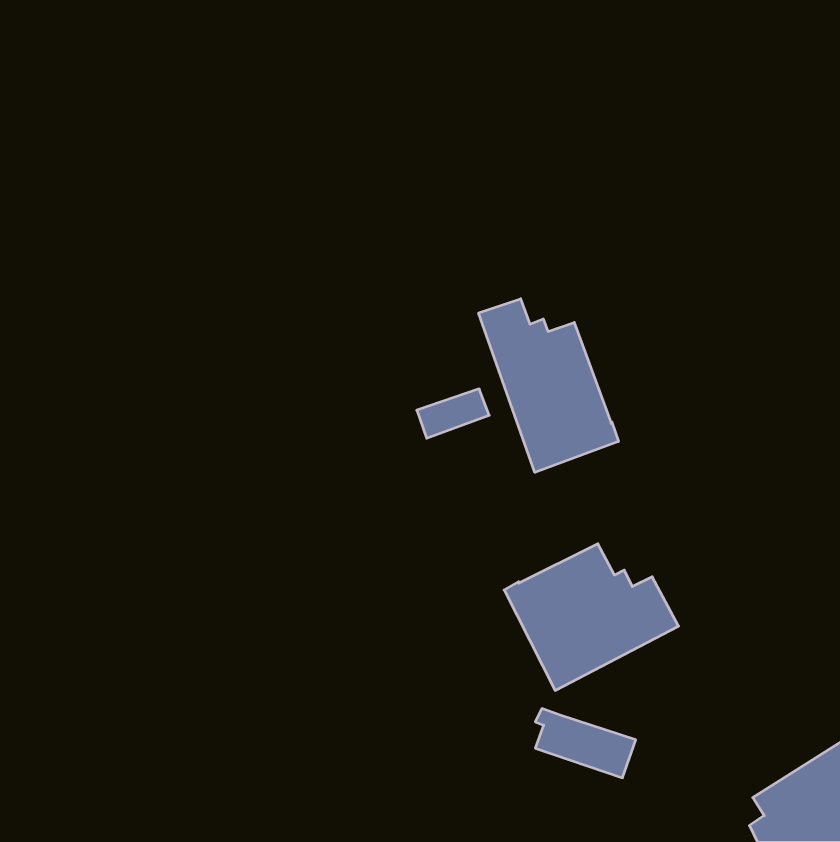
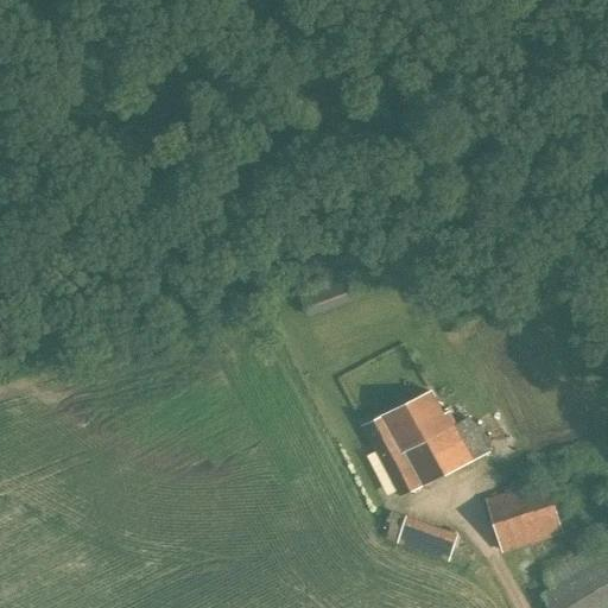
building: [479,299,618,472] -> none
building: none -> [487,480,564,553]

